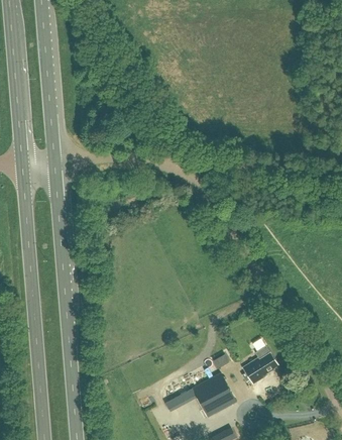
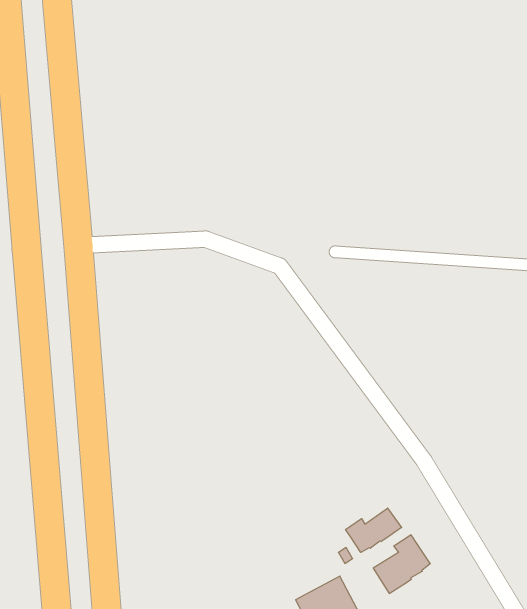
building: none -> [346,508,402,552]

